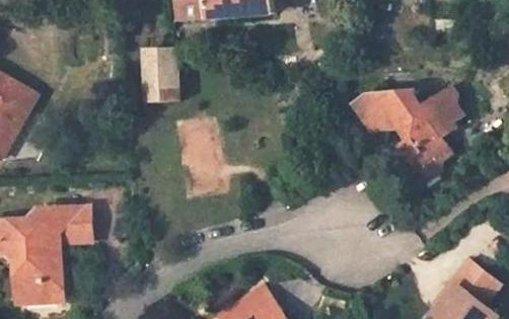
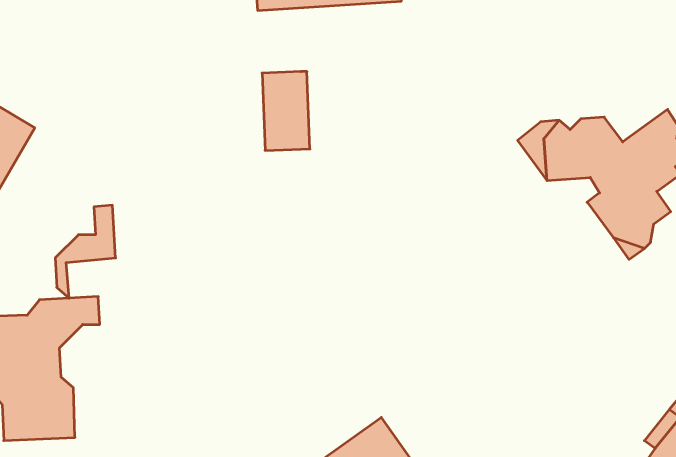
building: [146,49,177,100] -> [262,72,310,150]
building: [52,206,91,266] -> [55,205,116,298]

